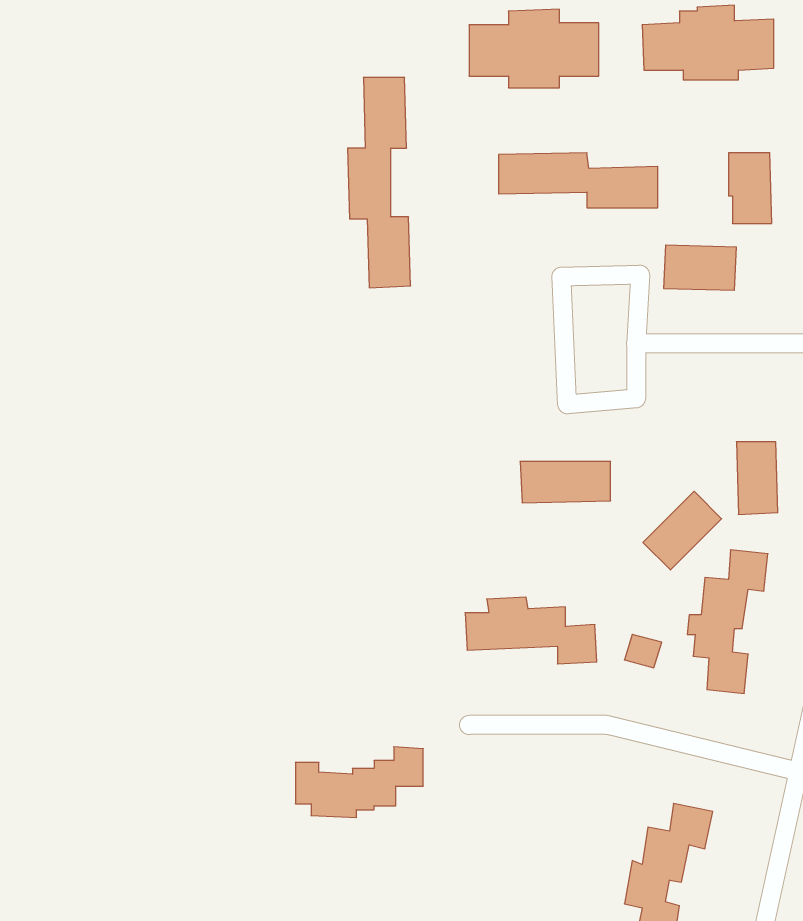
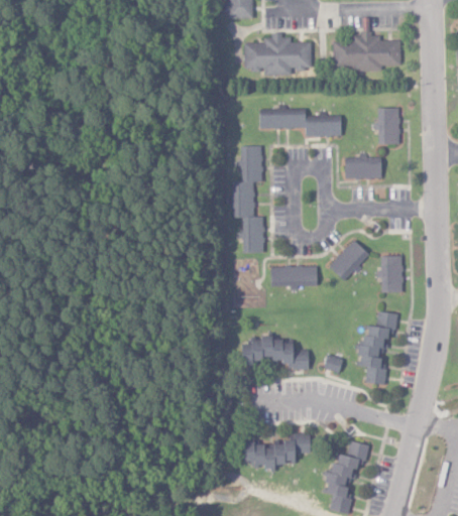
building: [348,77,411,288] -> [232,145,264,253]
building: [643,491,722,570] -> [329,240,369,280]
building: [295,747,423,818] -> [244,432,310,469]

